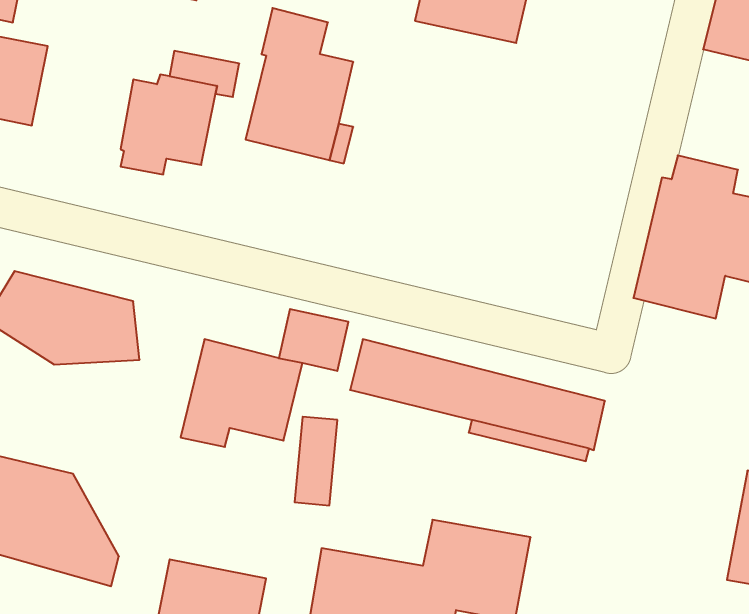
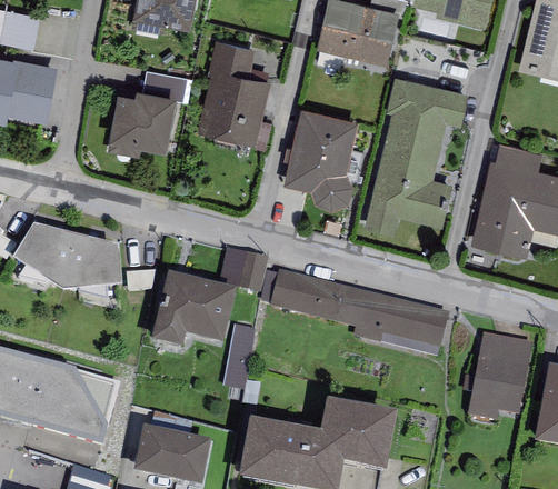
building: none -> [365,77,467,236]
building: none -> [282,107,359,210]
building: none -> [468,336,532,425]

